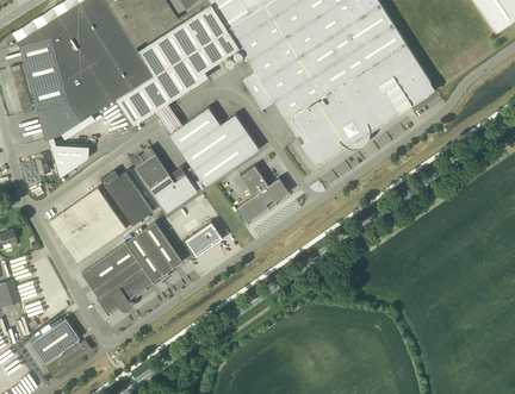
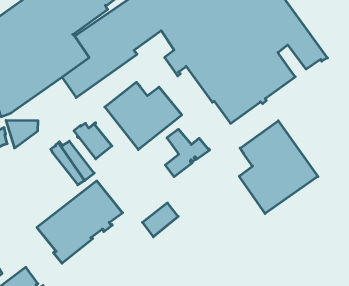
building: none -> [239,121,318,214]
building: [155,174,198,212] -> none
building: [51,188,125,261] -> none
building: [180,220,223,259] -> [142,203,178,237]

